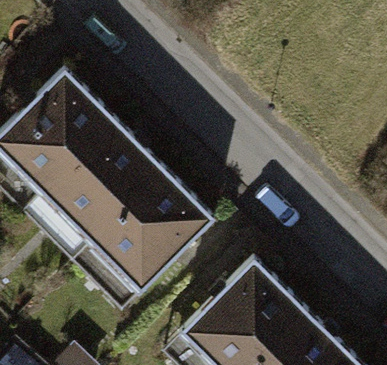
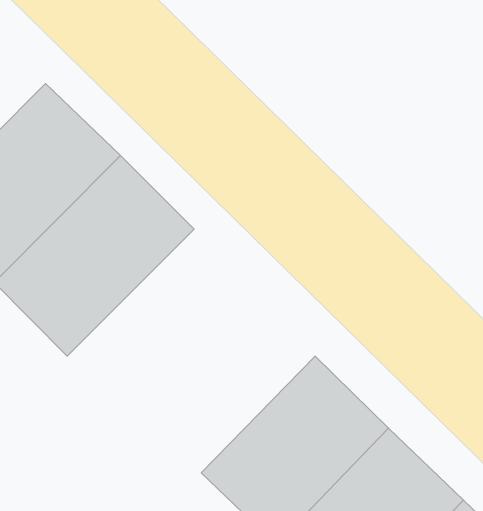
building: [78,168,218,307] -> none

